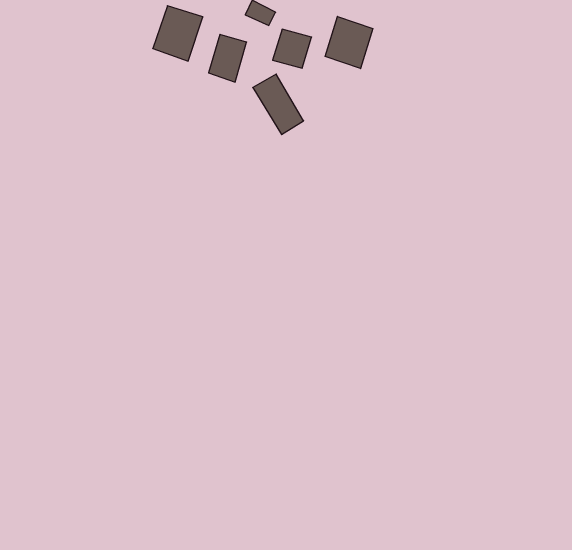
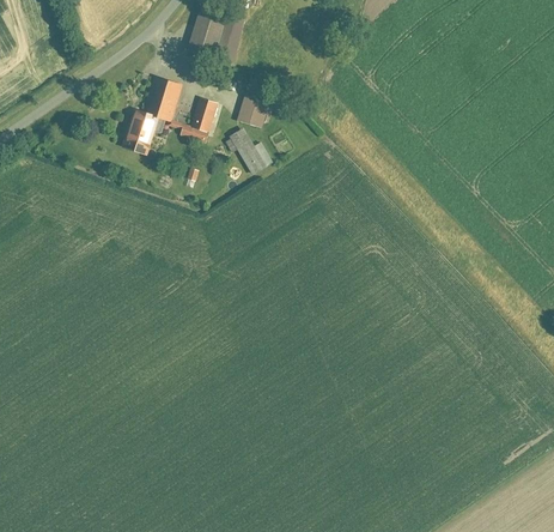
building: [325,16,373,69] -> none
building: none -> [122,114,154,150]

